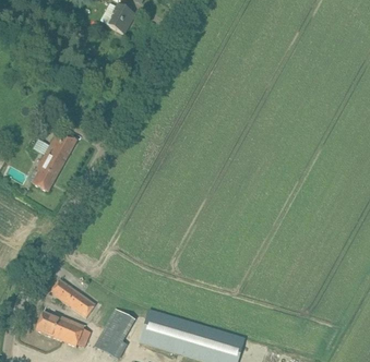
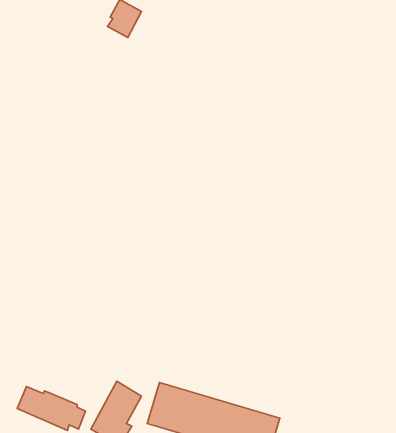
building: [32,130,76,192] -> none
building: [51,279,94,316] -> none

